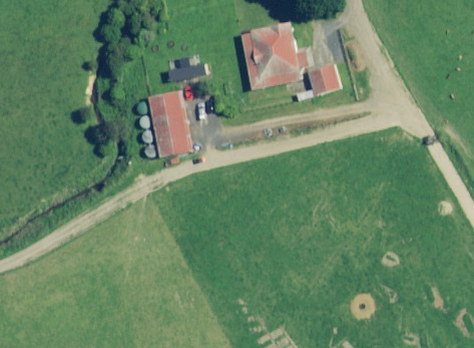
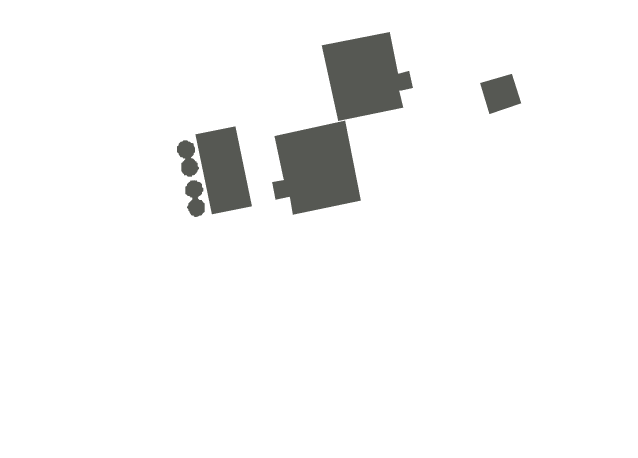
building: [309,65,340,95] -> [479,73,522,115]
building: none -> [271,120,362,215]

